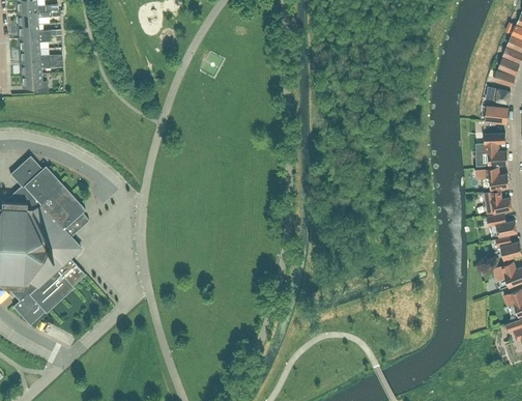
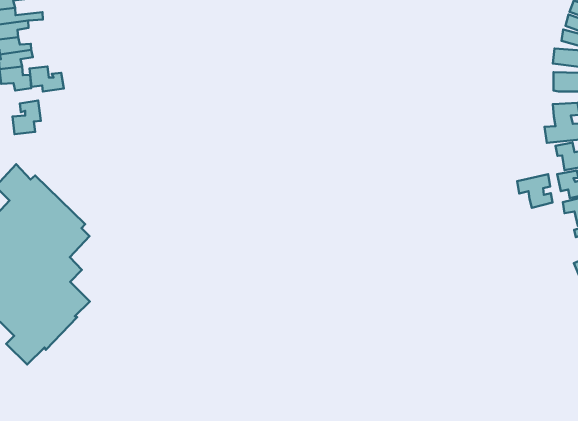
building: none -> [30,66,64,91]
building: none -> [13,101,41,134]
building: none -> [517,174,552,208]

